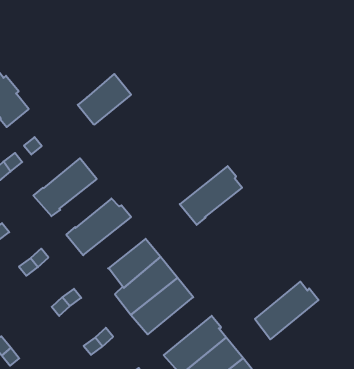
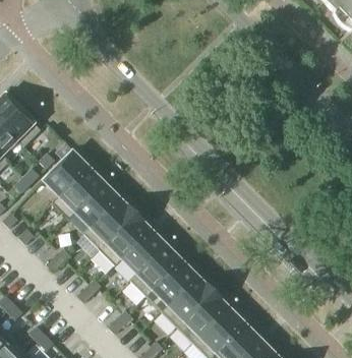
building: [78,74,131,124] -> [44,150,89,194]
building: [180,166,242,225] -> [100,212,152,264]
building: none -> [75,182,119,226]
building: [255,282,319,339] -> [162,275,215,326]

